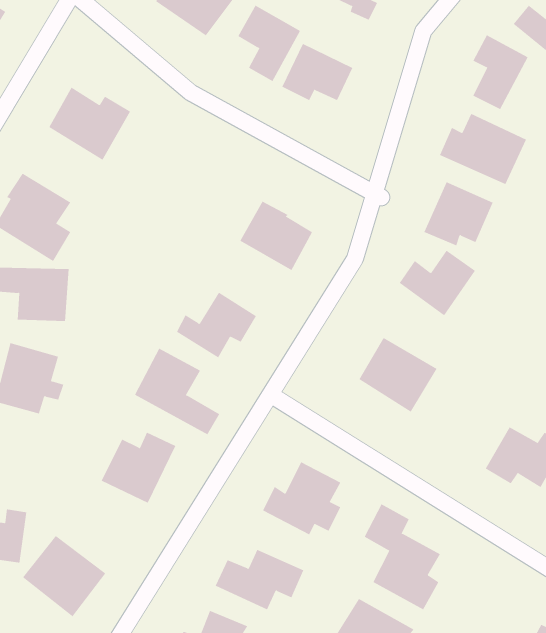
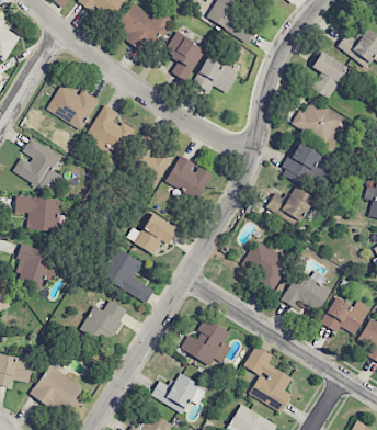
building: none -> [87,104,133,152]
building: none -> [281,270,332,312]

